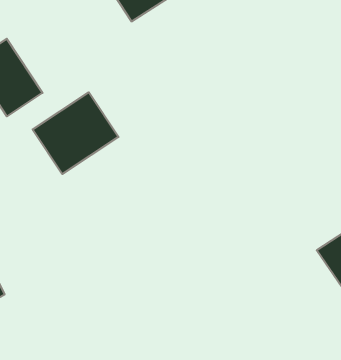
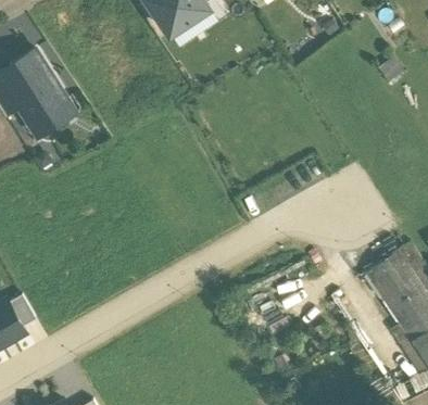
building: [33,92,119,174] -> none

